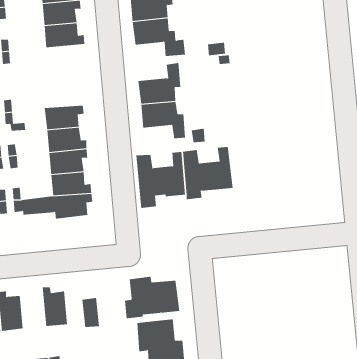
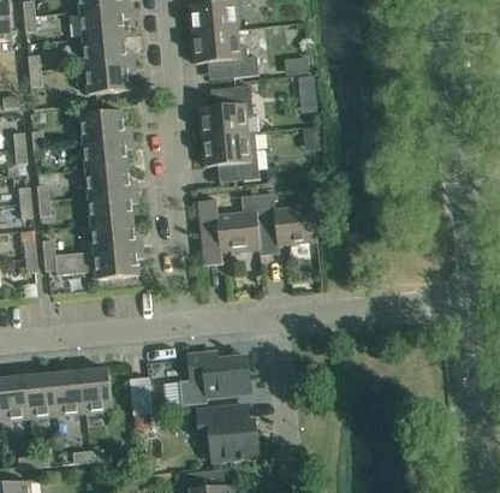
building: none -> [84,61,135,94]
building: none -> [79,109,131,141]
building: none -> [53,363,84,415]

